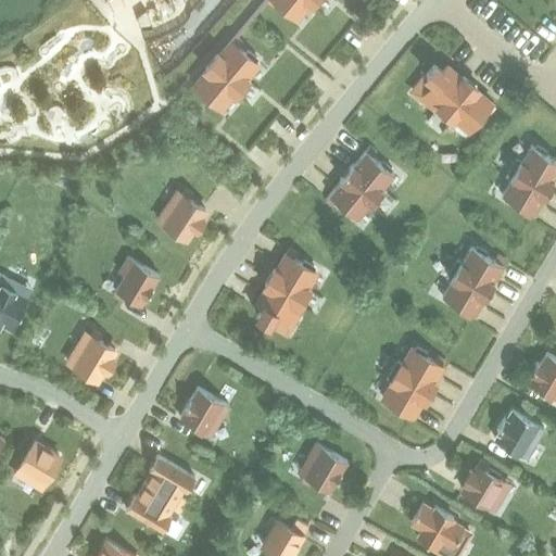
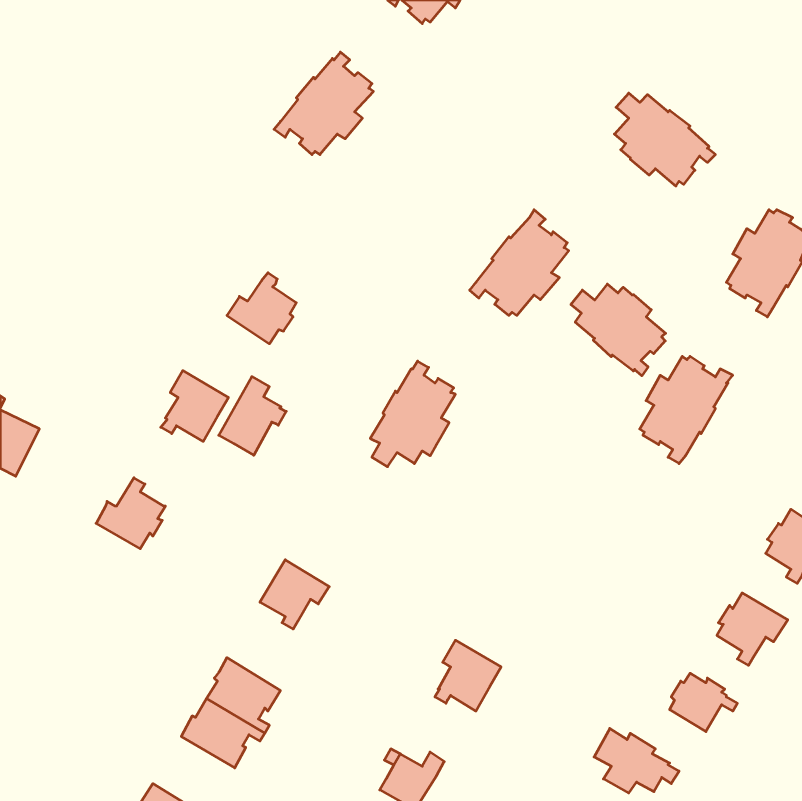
building: none -> [571,284,666,376]
building: none -> [219,377,286,455]
building: [383,350,446,422] -> none
building: [21,444,61,489] -> none

